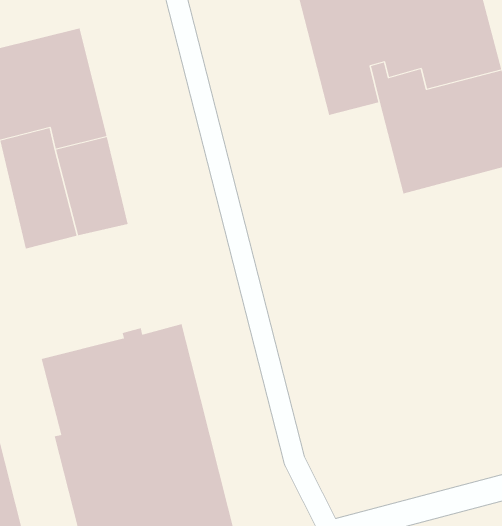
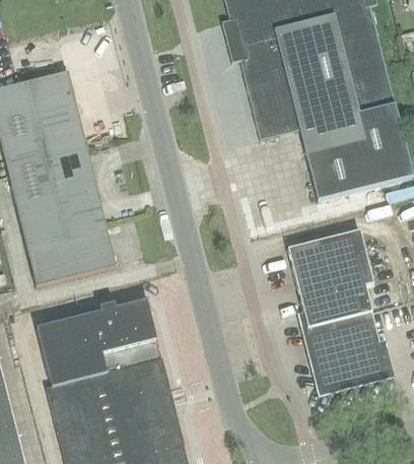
building: none -> [24,223,116,286]
building: none -> [287,230,387,388]

